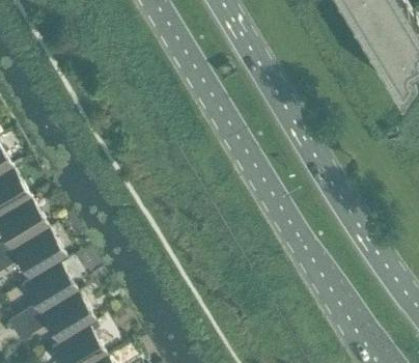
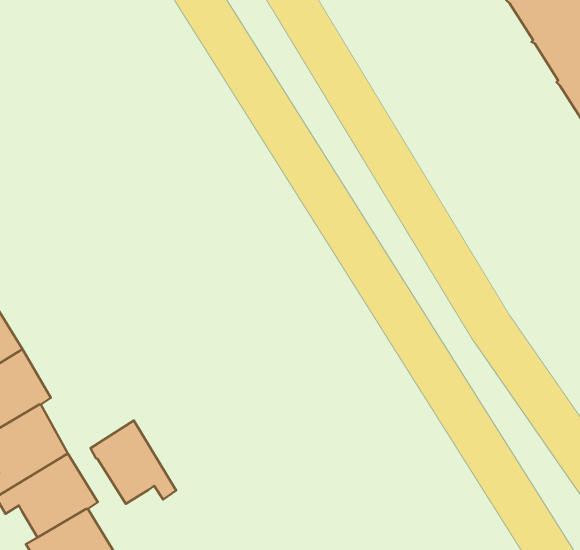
building: none -> [90,421,176,504]

